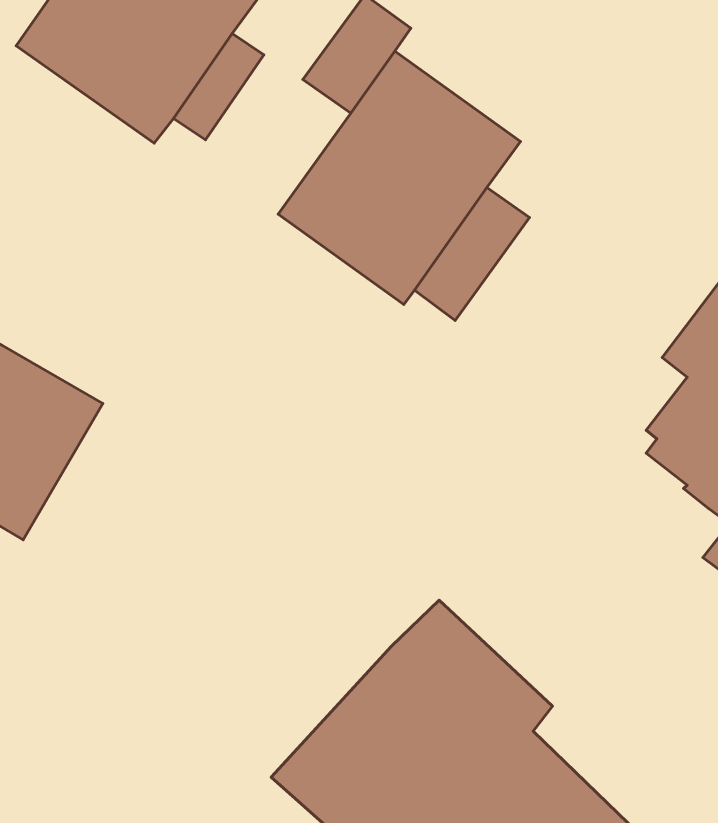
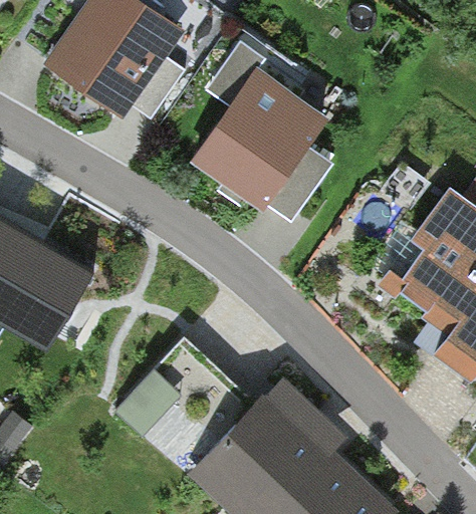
building: none -> [115,340,256,480]

